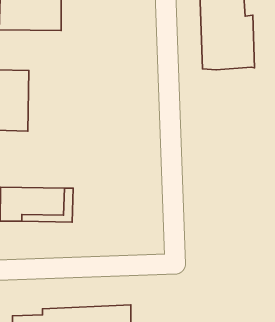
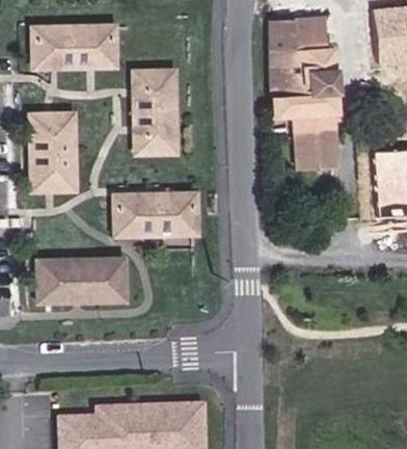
building: none -> [137,70,177,150]
building: none -> [301,112,347,173]
building: none -> [116,192,196,232]

